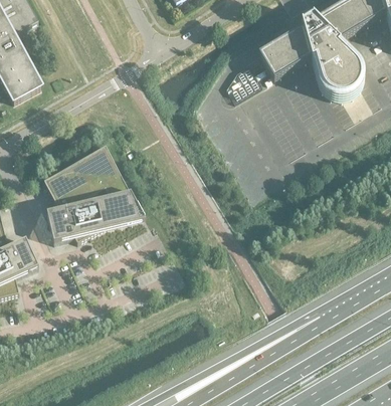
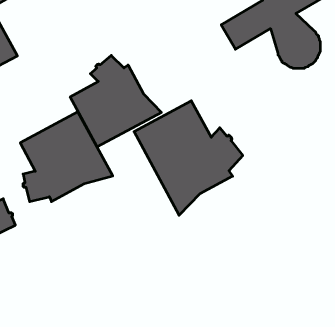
building: none -> [70,55,161,147]
building: none -> [134,101,243,215]

